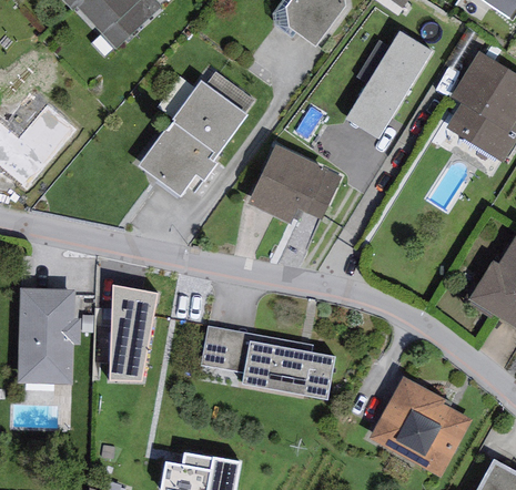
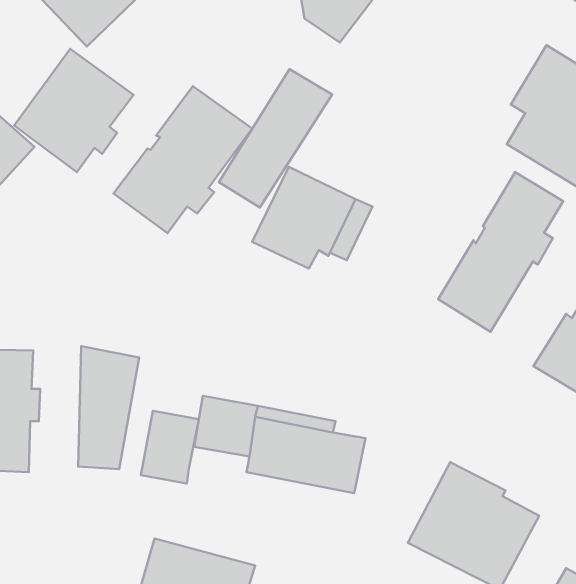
building: [344,28,433,136] -> [219,69,332,208]
building: none -> [14,49,134,172]
building: none -> [438,172,563,332]
building: none -> [141,411,199,483]

